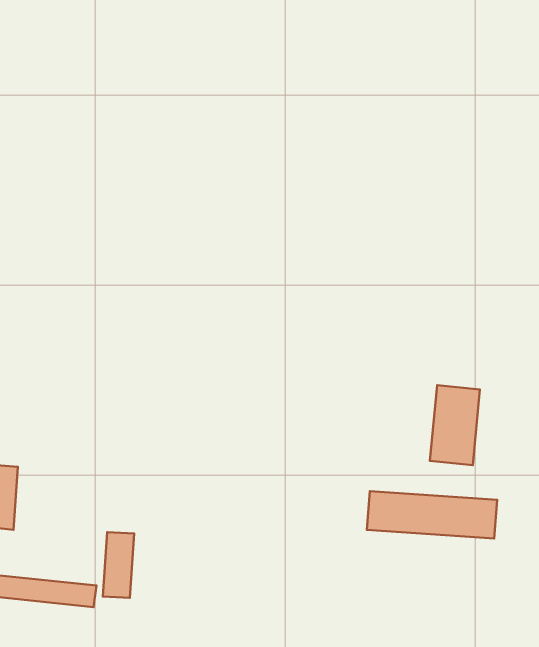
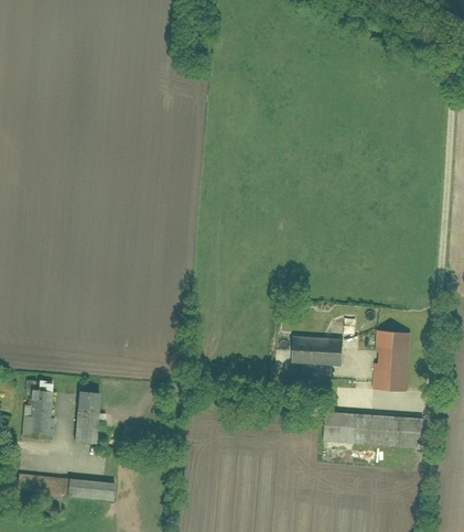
building: none -> [292,335,343,365]
building: [103,532,134,598] -> [76,392,100,443]

